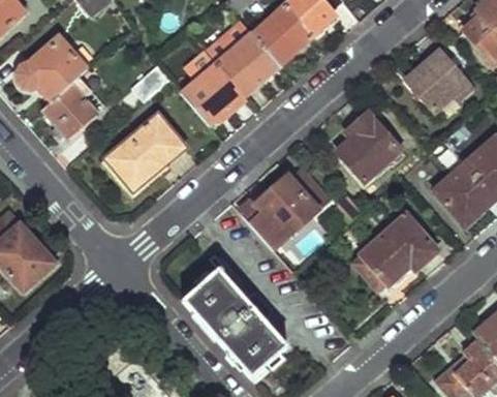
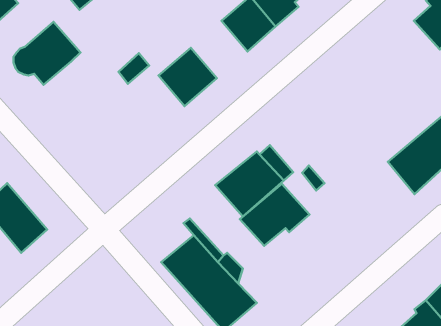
building: [215,31,278,95] -> none
building: [404,49,466,110] -> none
building: [42,77,102,141] -> none
building: [339,111,405,179] -> none
building: [100,116,184,196] -> none
building: [361,215,438,284] -> [240,184,310,246]

